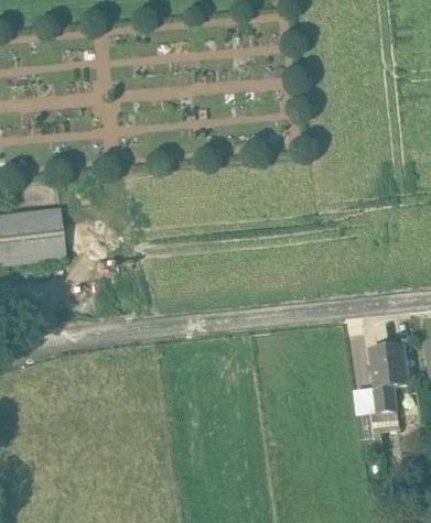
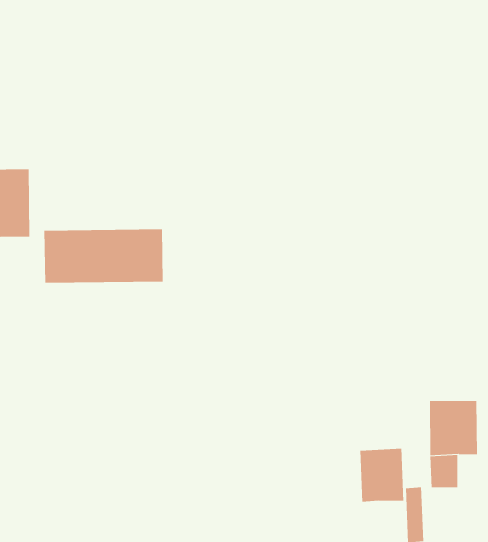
building: none -> [44,229,163,284]
building: none -> [360,448,404,503]

